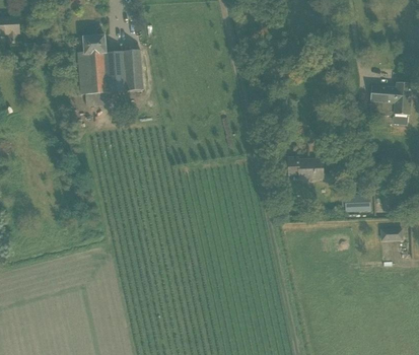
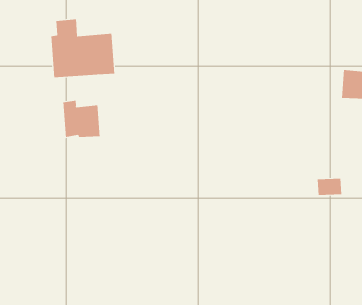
building: none -> [63,100,100,138]
building: [288,156,324,179] -> none

